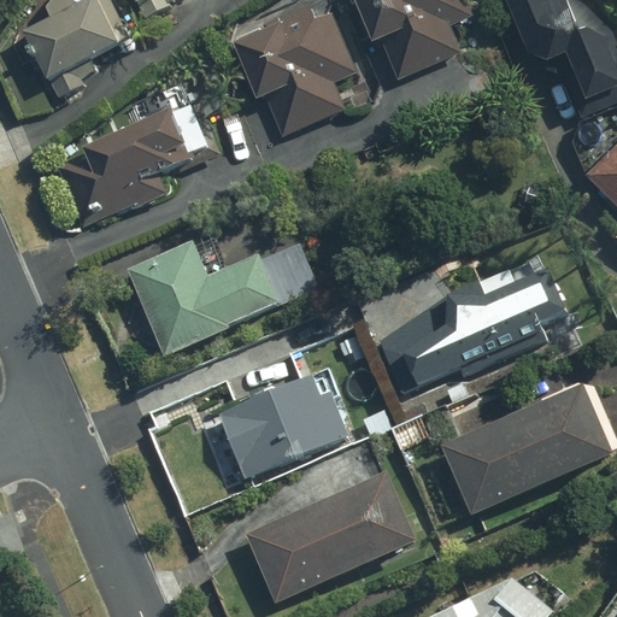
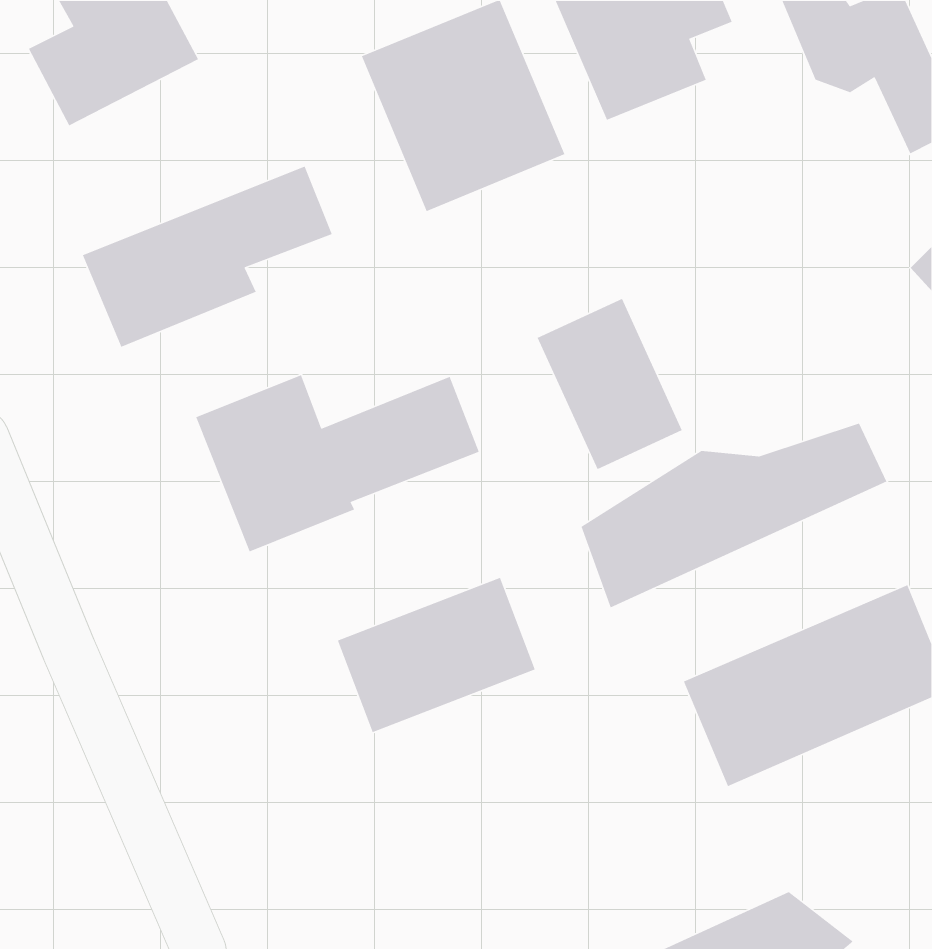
building: none -> [537,298,683,470]
building: [245,469,422,601] -> none

